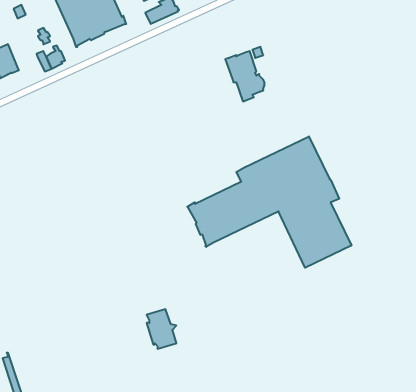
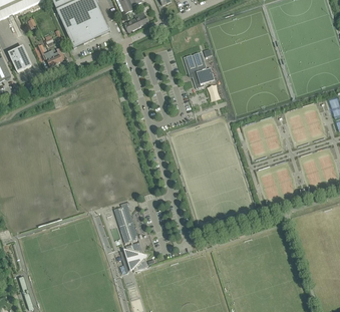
building: [187,136,351,268] -> none
building: none -> [114,200,138,242]

